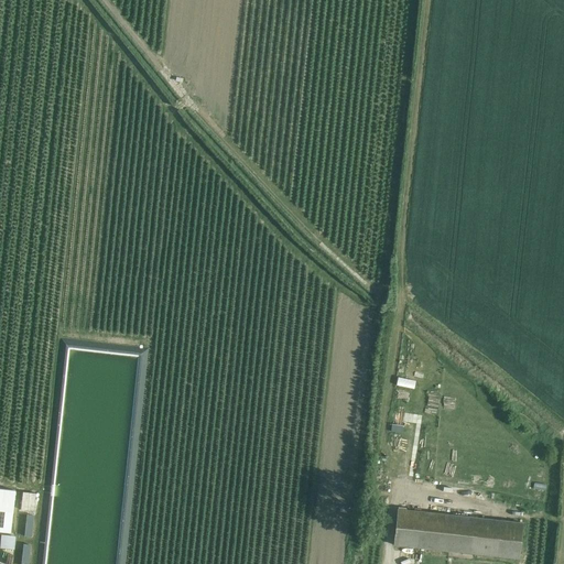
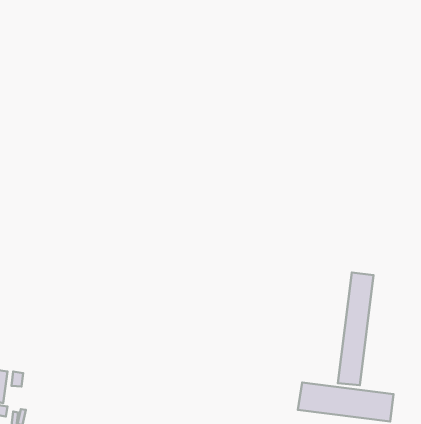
building: none -> [338,272,374,385]

